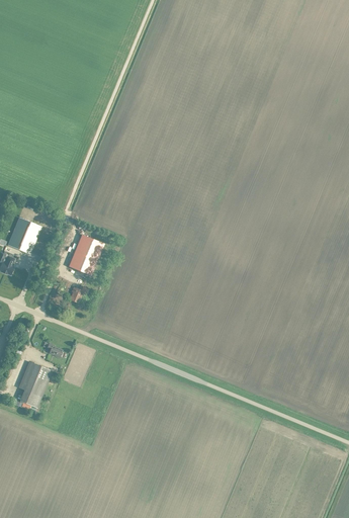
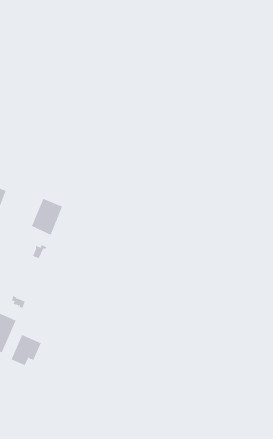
building: none -> [11,334,42,366]

